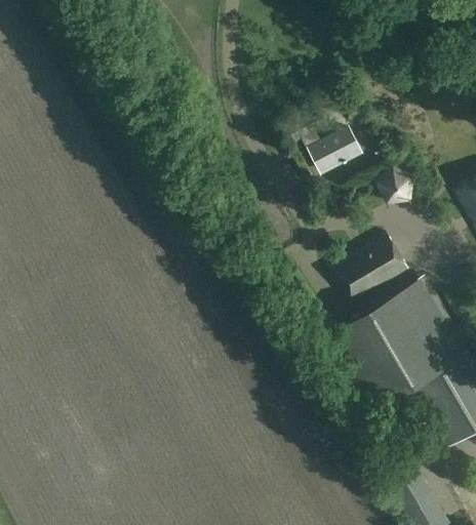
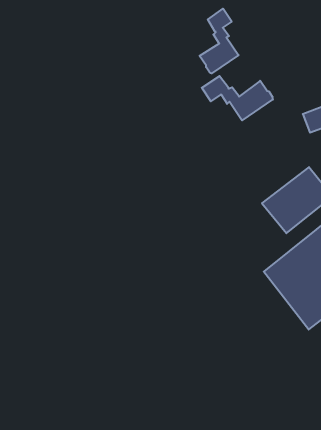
building: none -> [200,9,239,73]

